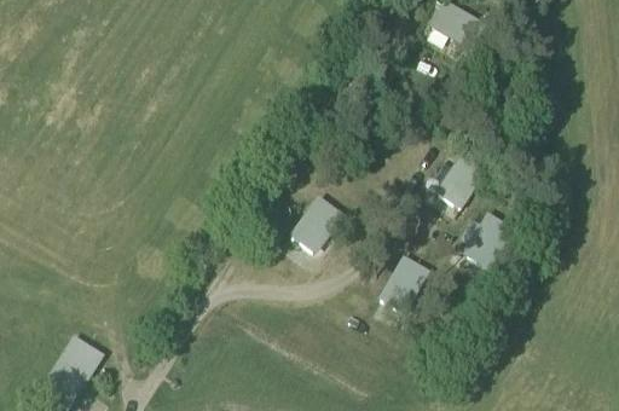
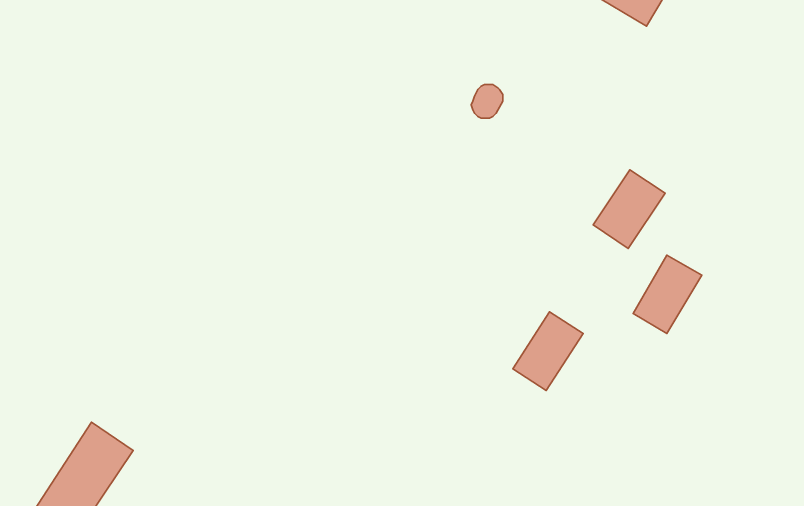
building: [290,197,342,253] -> none

